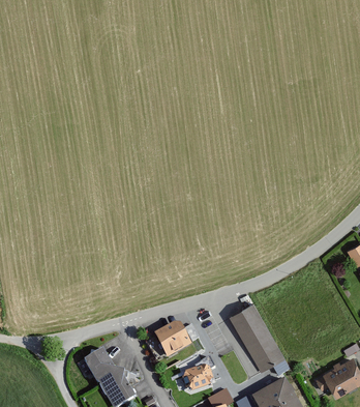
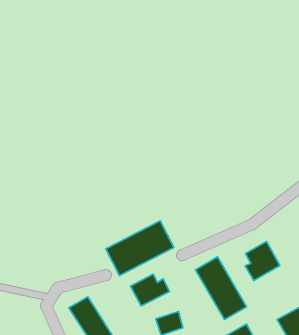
building: none -> [106,221,174,276]
building: none -> [245,241,280,281]

